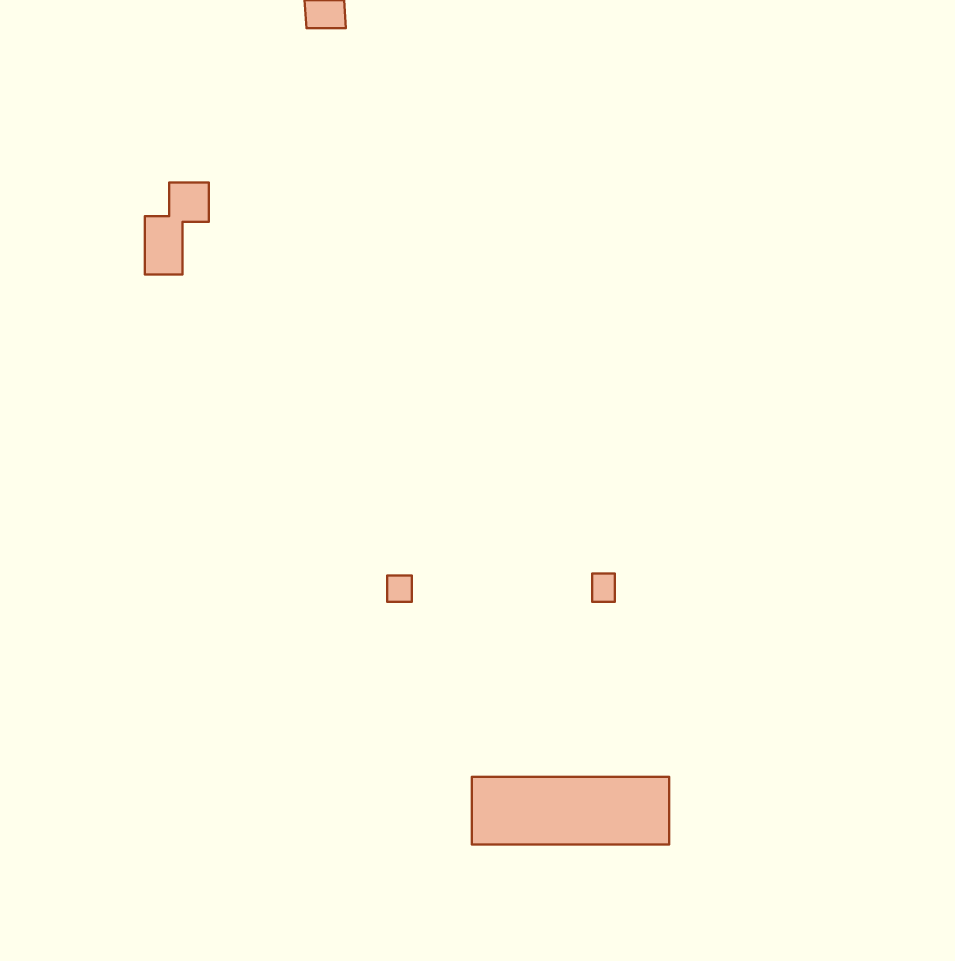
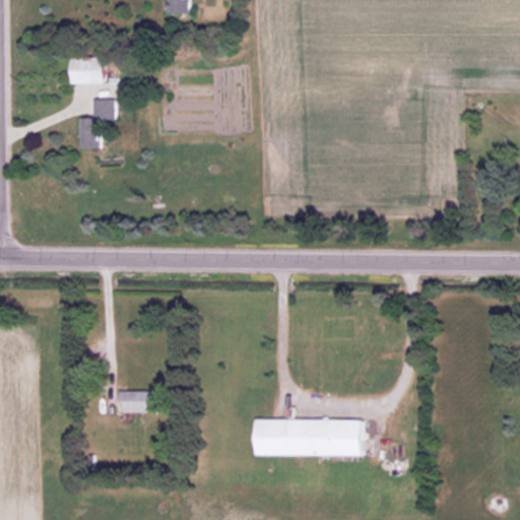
building: none -> [68,58,102,84]
building: none -> [118,390,153,411]

